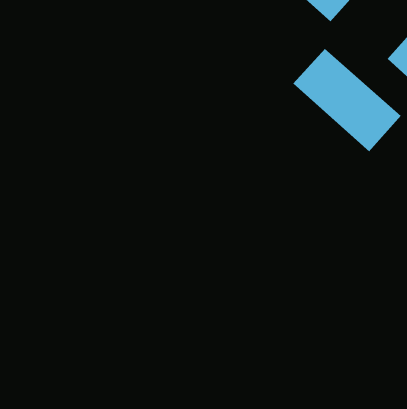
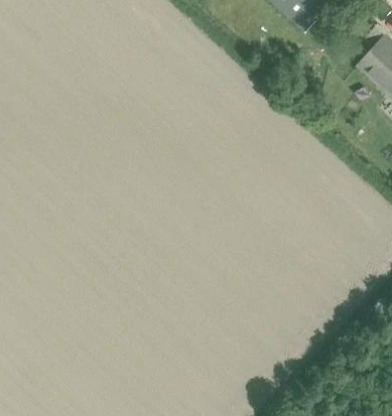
building: [293,48,402,152] -> none

